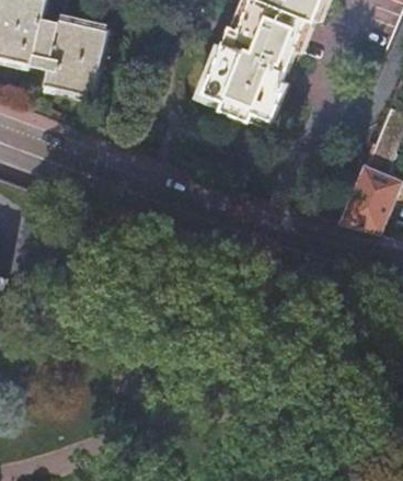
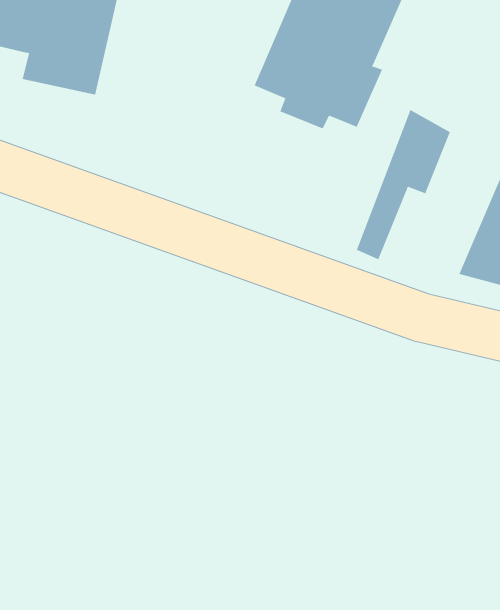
building: none -> [356,109,451,260]

